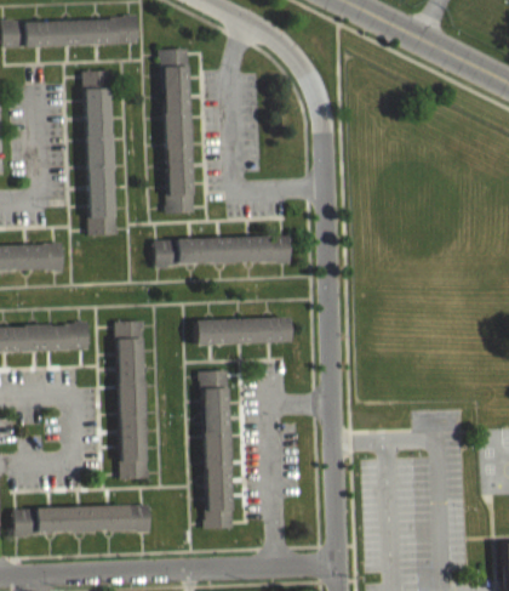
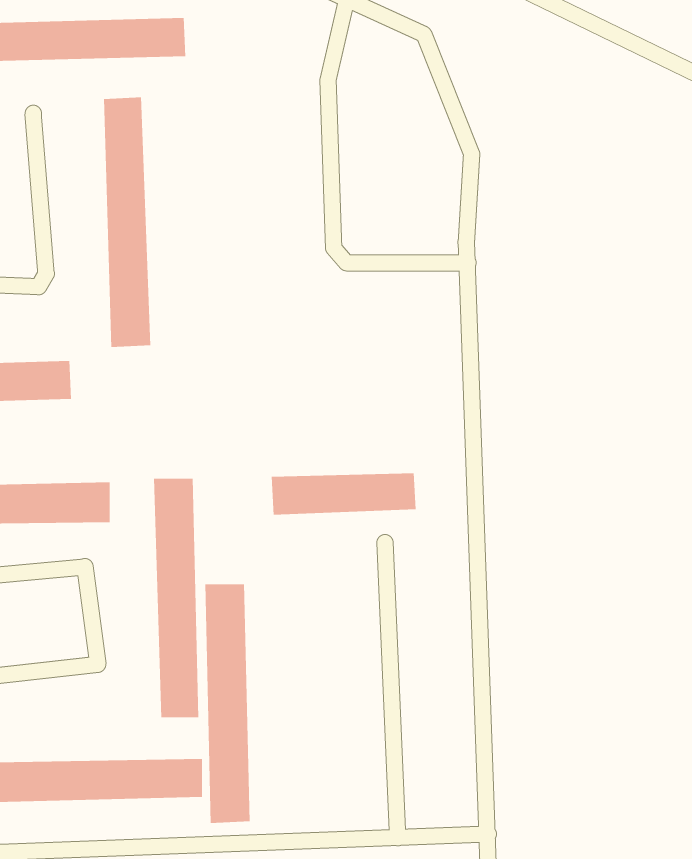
building: [162,49,194,214] -> none
building: [154,237,292,266] -> none
building: [202,371,233,529] -> [204,584,250,823]

